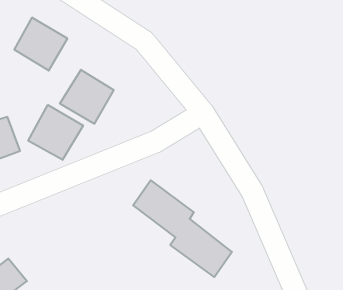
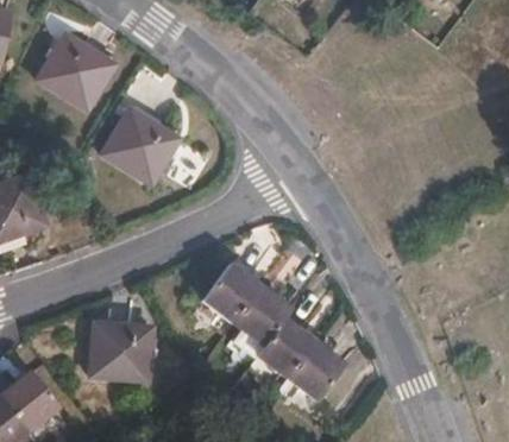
building: [28,105,83,160] -> none
building: none -> [93,322,151,378]

